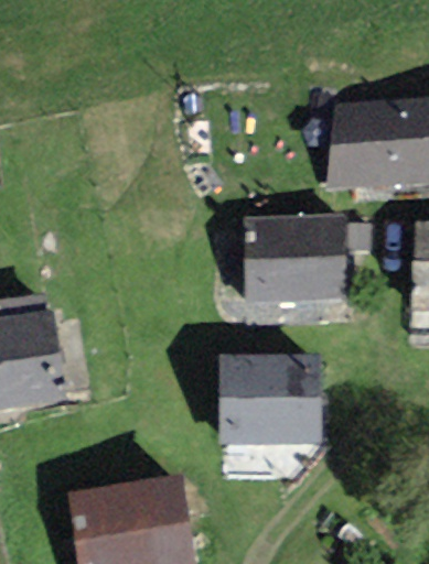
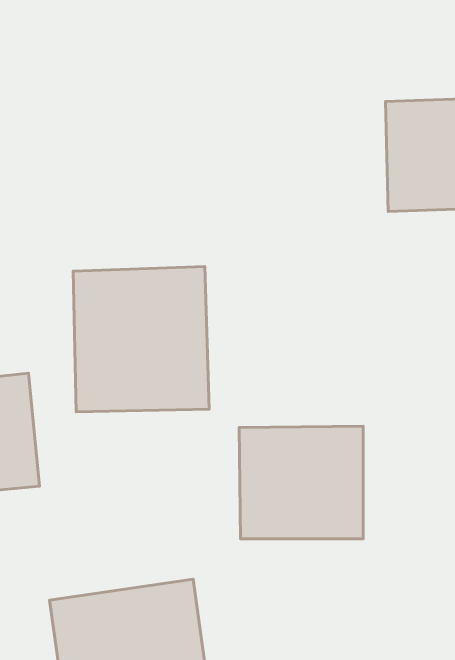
building: [245,219,345,306] -> none
building: none -> [73,267,209,412]

